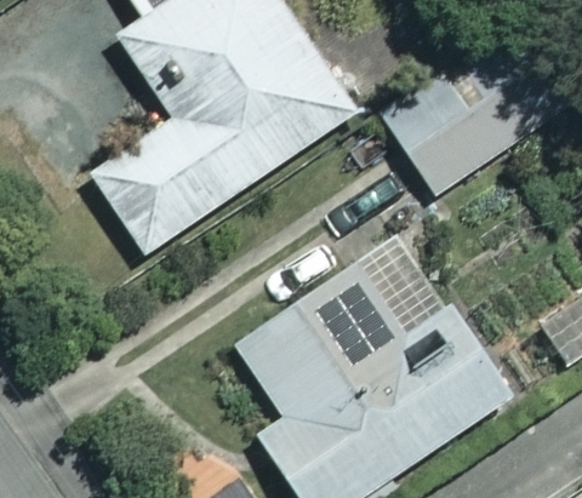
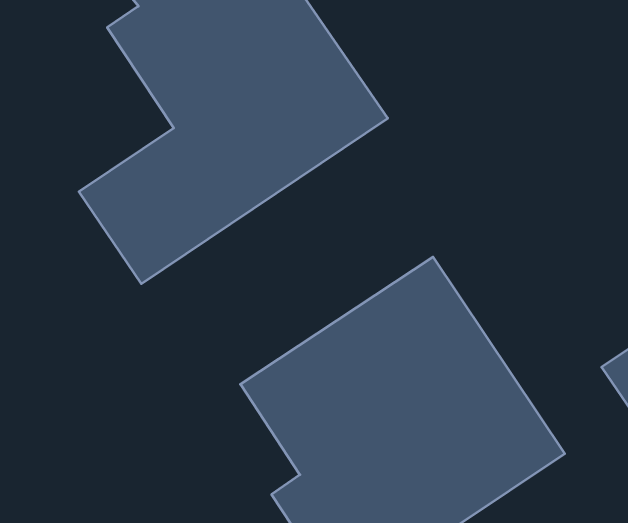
building: [383,38,555,195] -> none

